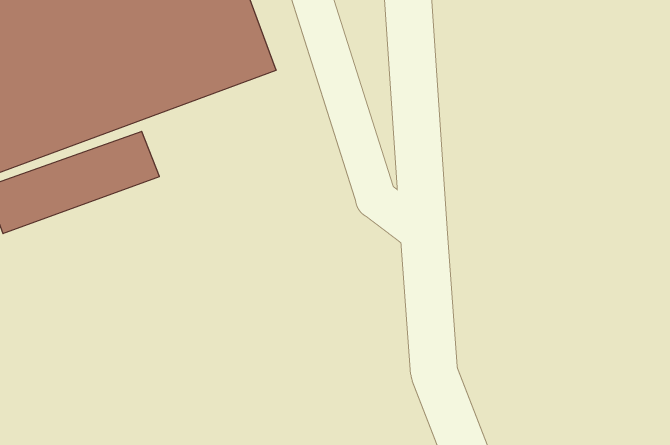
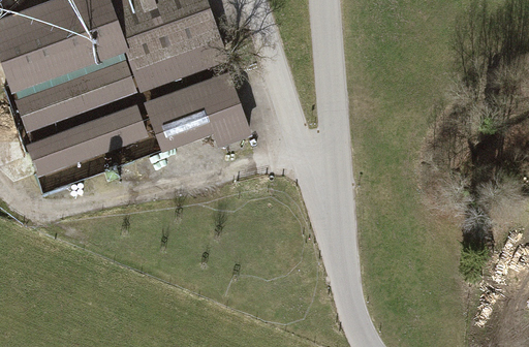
building: none -> [143,71,249,152]

